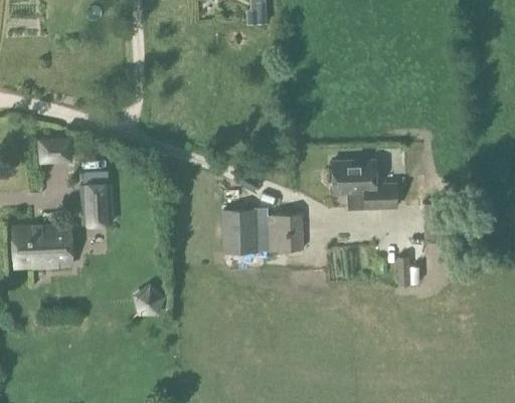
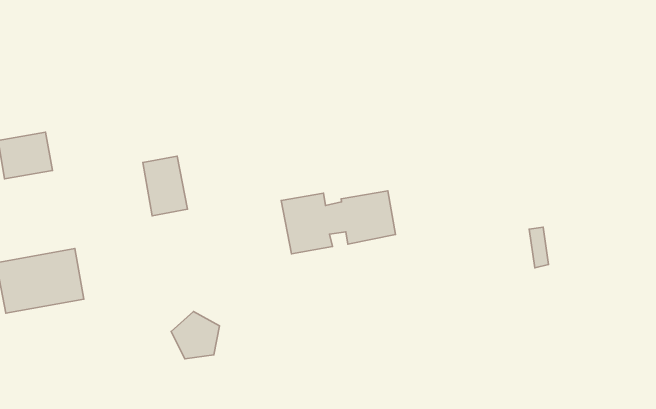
building: [332,160,396,208] -> none
building: [83,185,111,225] -> [143,156,188,216]

